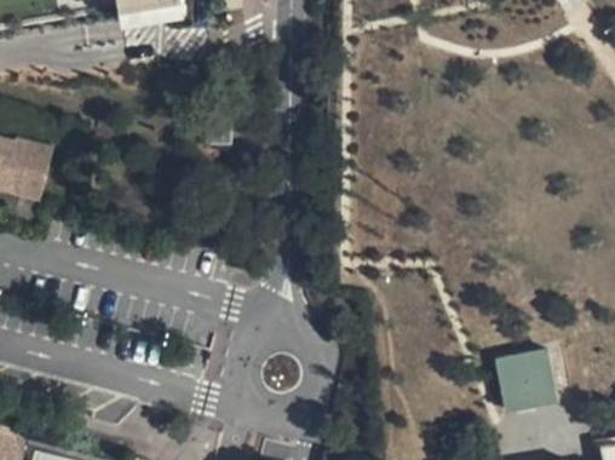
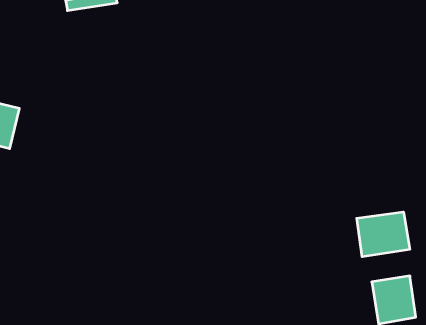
building: none -> [357,212,410,257]

